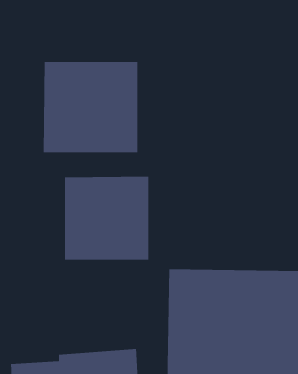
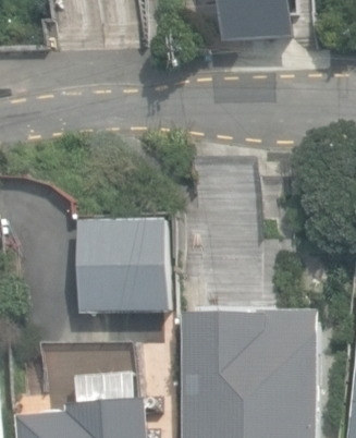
building: [43,61,138,153] -> none

